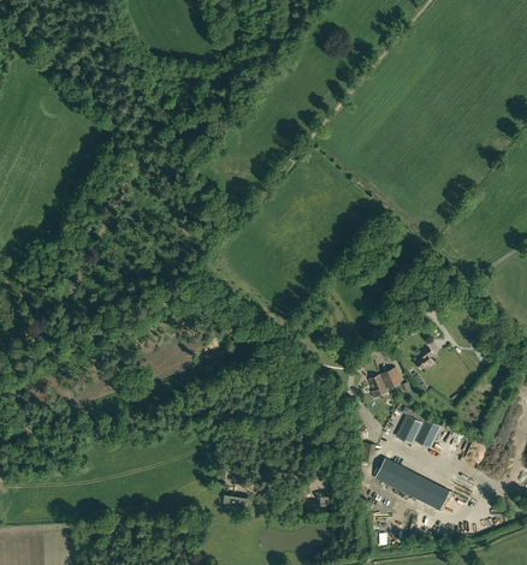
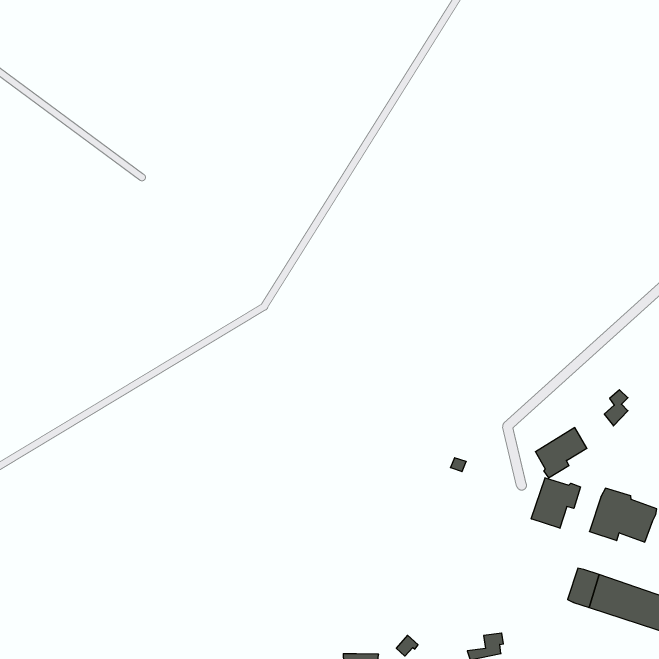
building: none -> [531,478,580,528]

